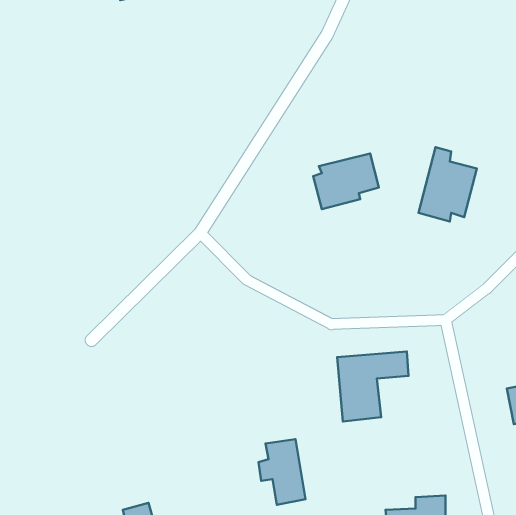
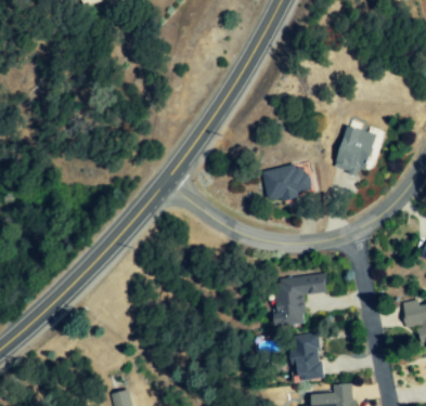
building: [313,153,379,209] -> [263,162,313,205]
building: [258,439,305,505] -> [288,332,324,382]

